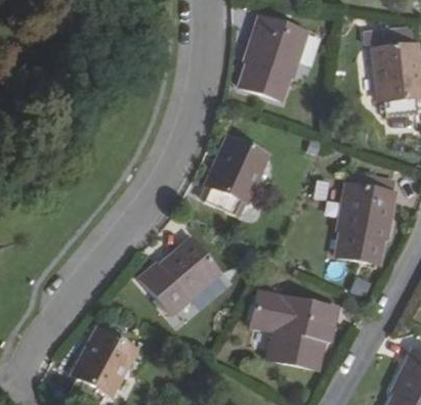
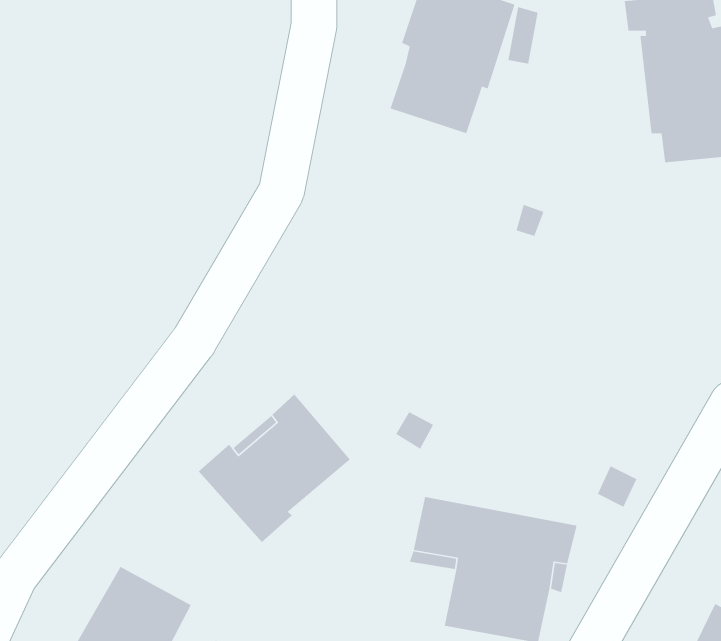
building: [204,136,268,215] -> none
building: [336,182,396,265] -> none

